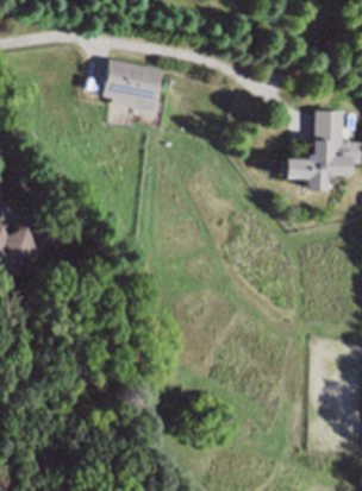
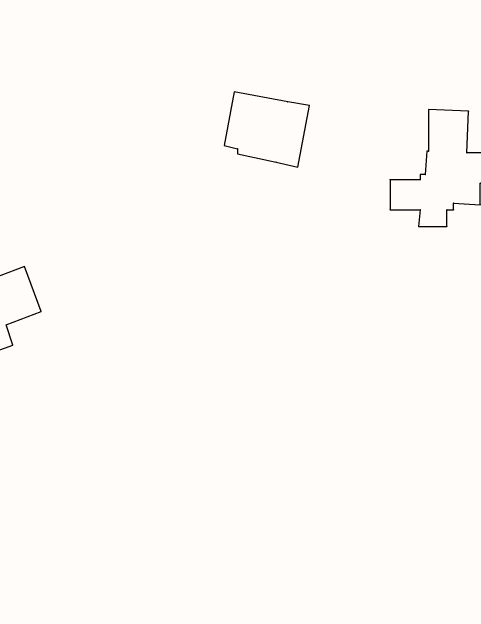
building: [102,58,163,112] -> [224,92,309,167]

